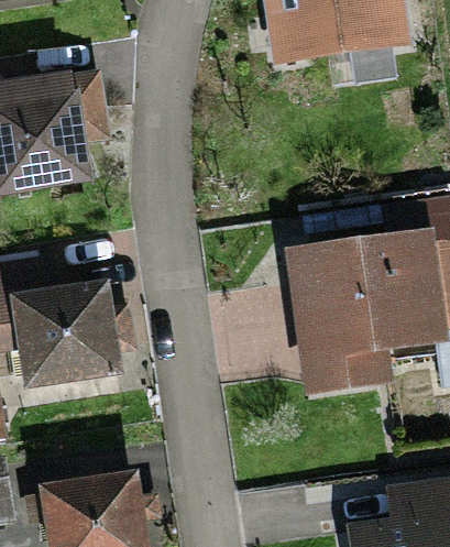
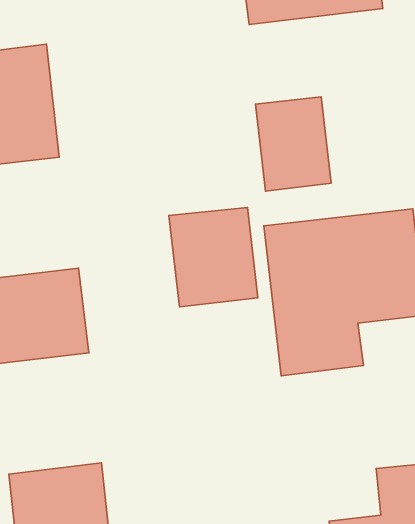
building: none -> [255,97,331,191]
building: none -> [169,207,258,307]

